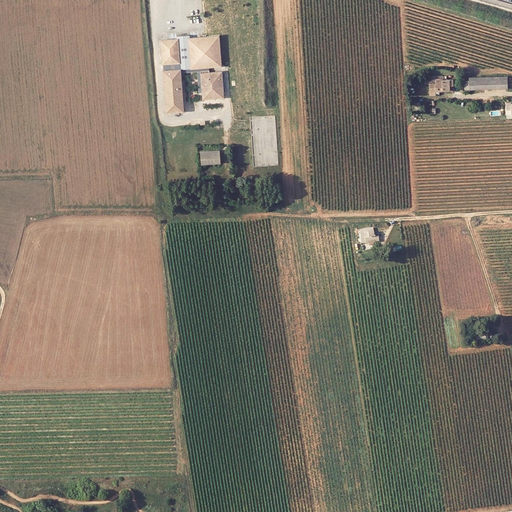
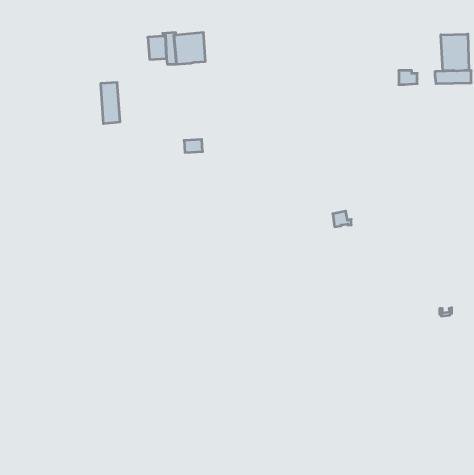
building: none -> [441,34,469,71]
building: [162,69,183,113] -> [101,83,120,124]
building: [200,71,223,99] -> none

